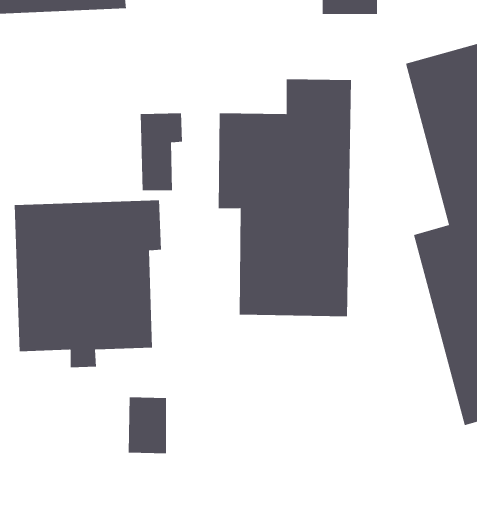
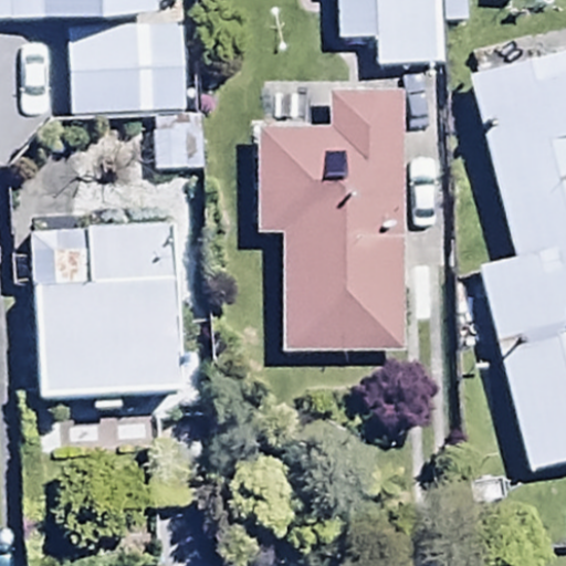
building: none -> [66,22,190,115]

